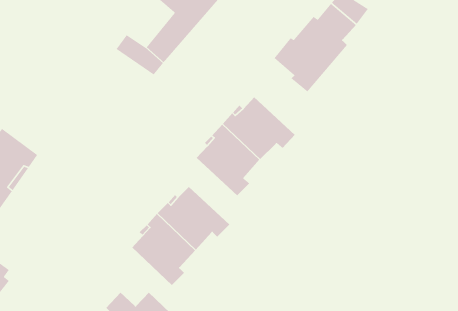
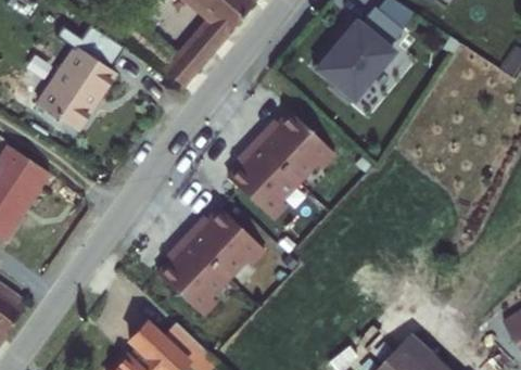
building: none -> [41,40,117,126]

